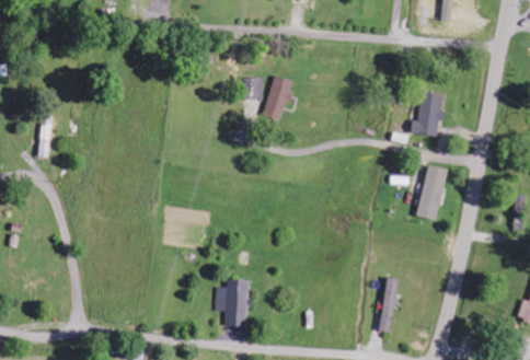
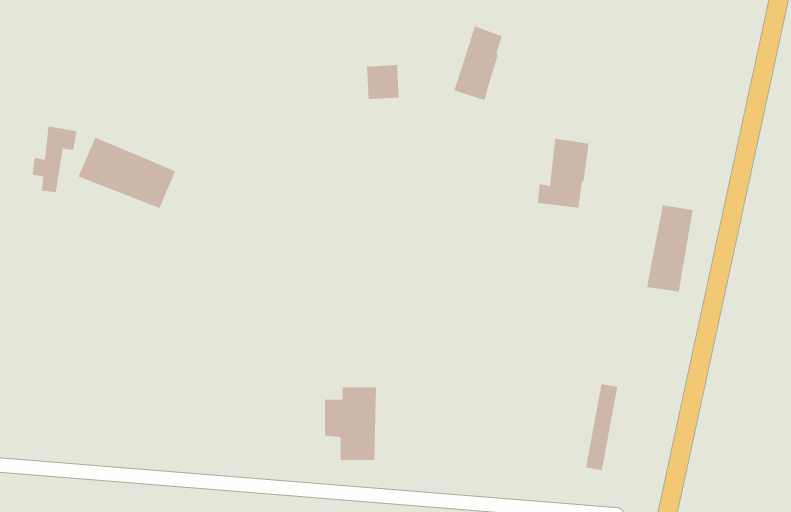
building: [261,74,291,121] -> [453,26,502,101]
building: [410,92,442,136] -> [537,138,590,208]
building: none -> [78,137,176,209]

